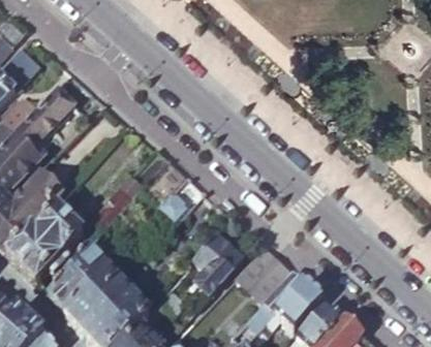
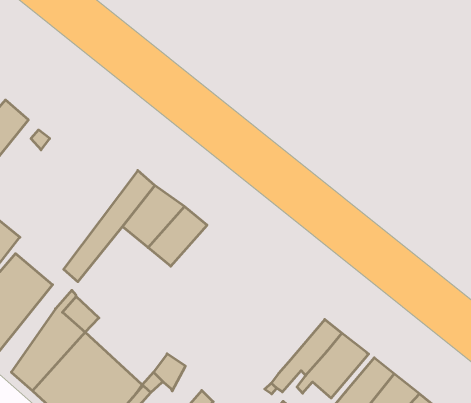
building: [194,231,245,291] -> none
building: [238,245,294,301] -> none

